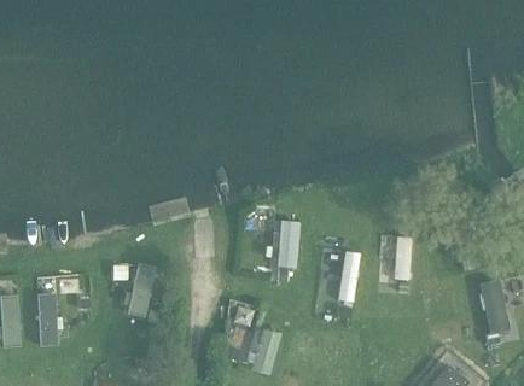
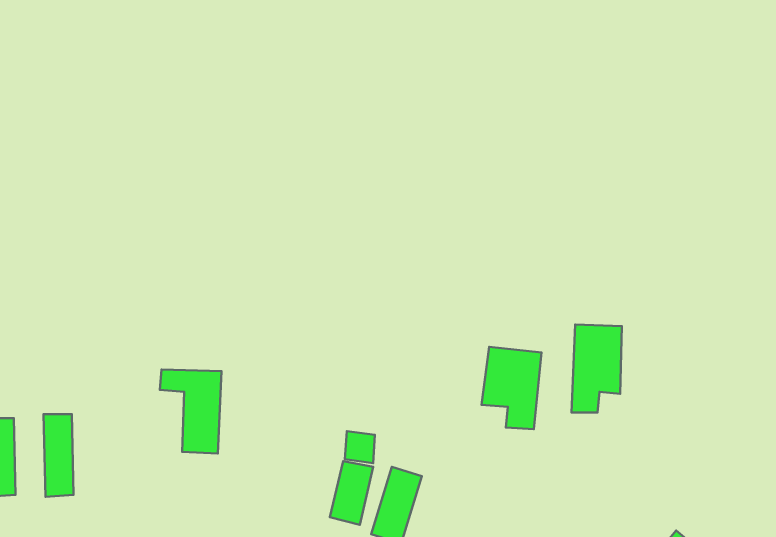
building: [278,220,299,267] -> none
building: [483,279,506,344] -> none

